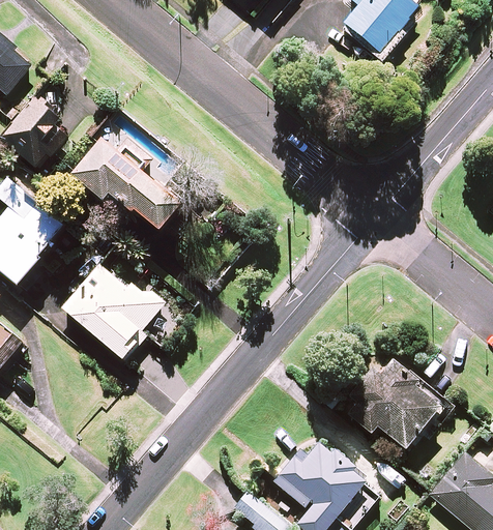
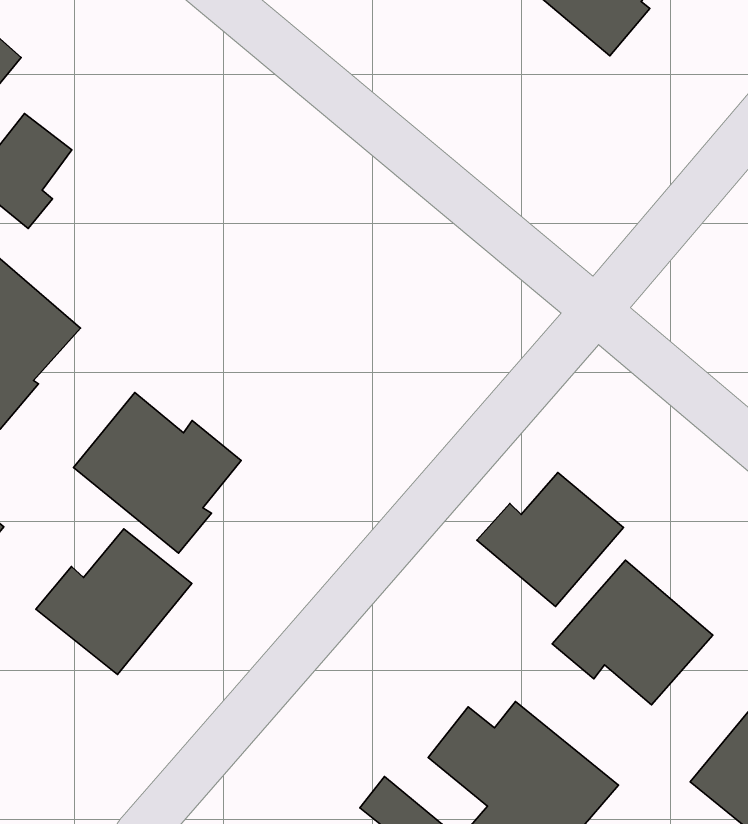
building: [71,132,181,231] -> none
building: none -> [477,472,623,607]
building: none -> [36,529,192,675]

